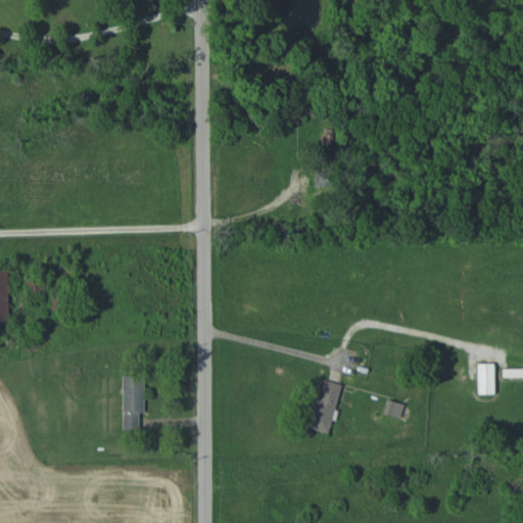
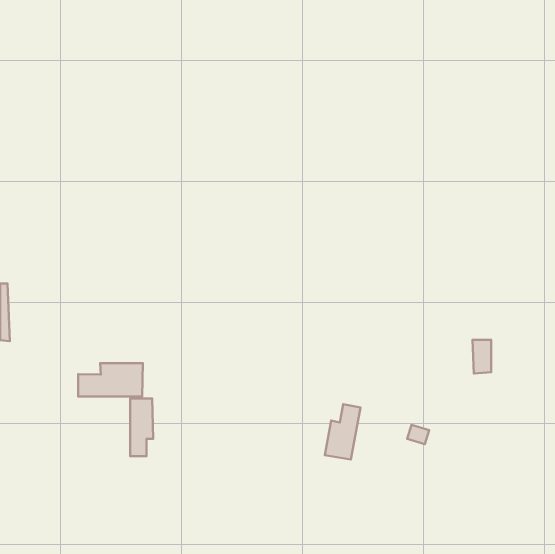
building: none -> [78,363,143,397]
building: [476,364,493,395] -> [473,340,491,373]

